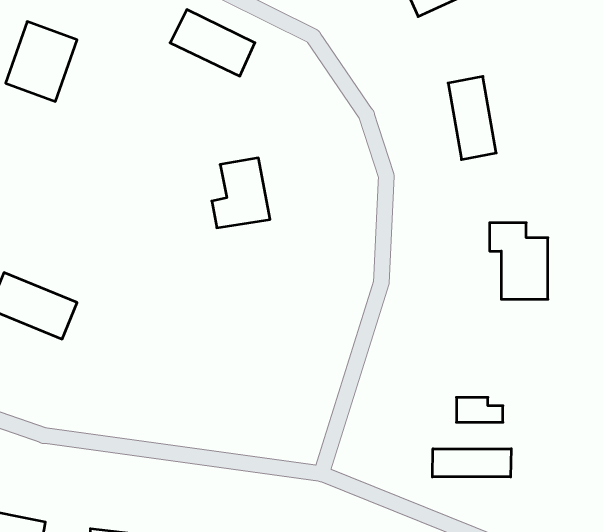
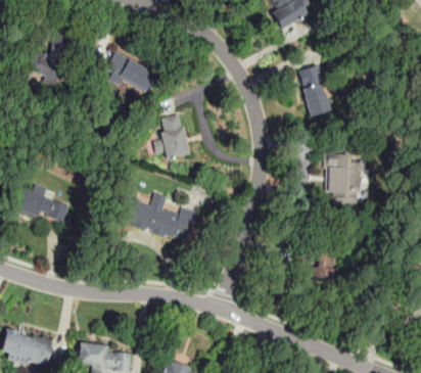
building: [170,10,255,76] -> [104,52,156,93]
building: none -> [127,193,197,239]
building: [432,449,511,477] -> none

